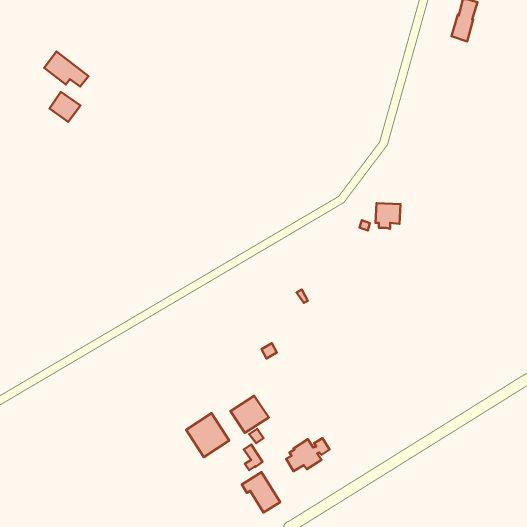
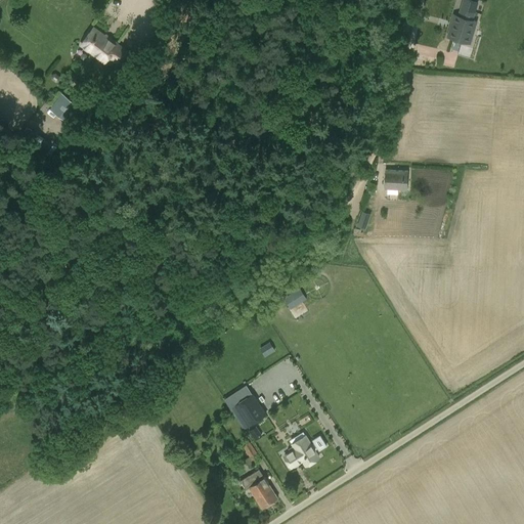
building: [44,51,89,86] -> [82,28,126,62]
building: [376,203,400,229] -> [383,169,407,194]
building: [186,413,229,457] -> none

